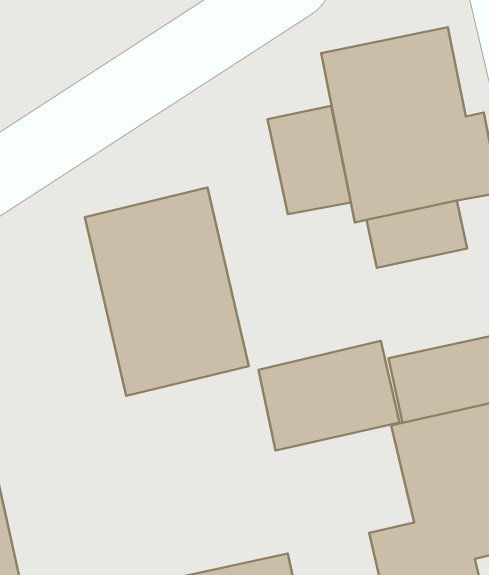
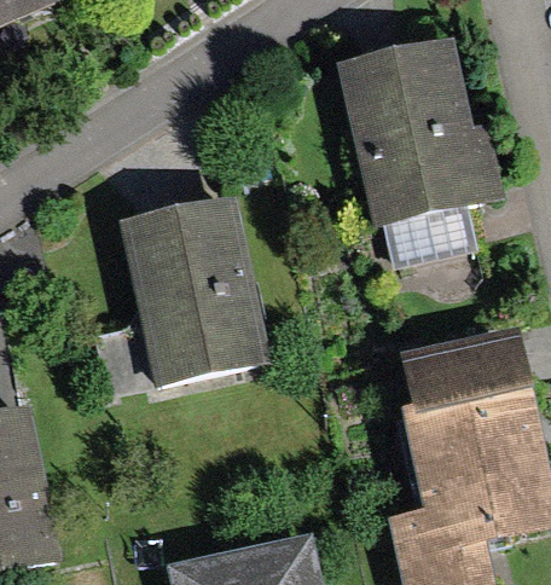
building: [267,106,351,214] -> none
building: [259,341,400,450] -> none

